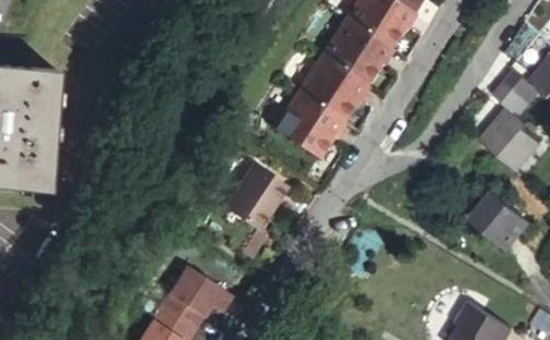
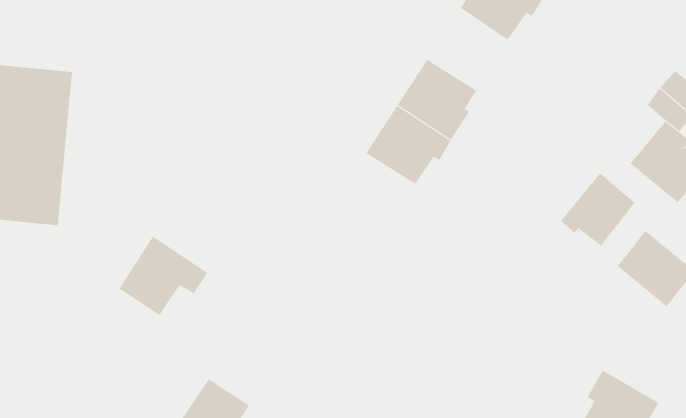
building: [328,23,394,86] -> none
building: none -> [560,173,636,246]
building: [230,167,289,229] -> none
building: [161,266,230,327] -> [118,236,208,316]

